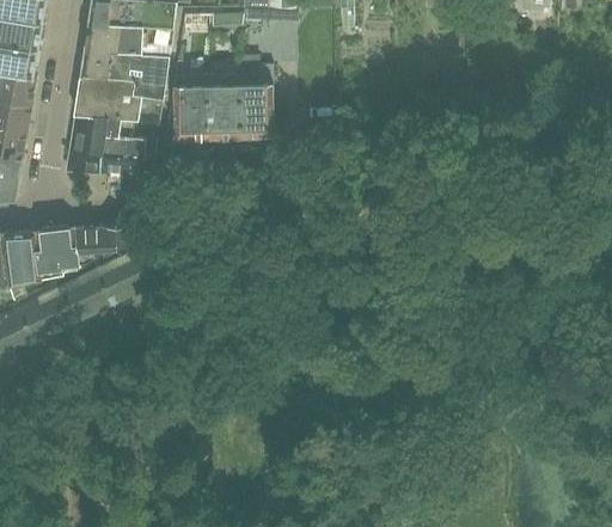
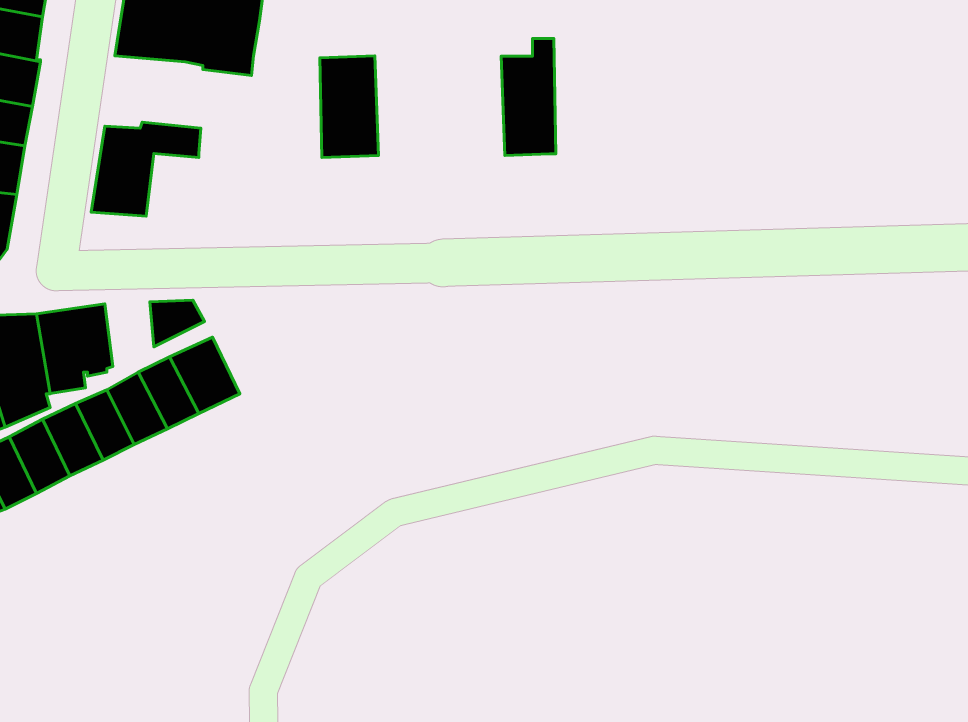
building: [239,63,273,135] -> [501,38,556,156]
building: [74,74,164,120] -> none
building: [173,75,207,137] -> none
building: [99,134,155,177] -> none
building: [74,225,104,264] -> none

